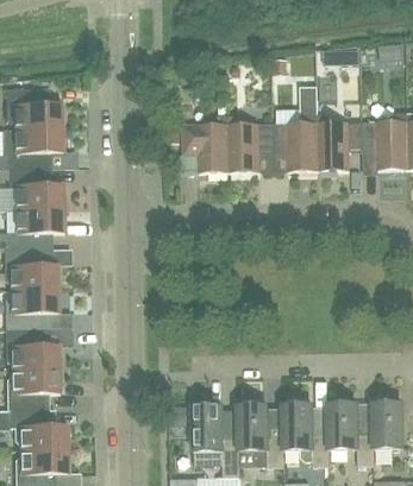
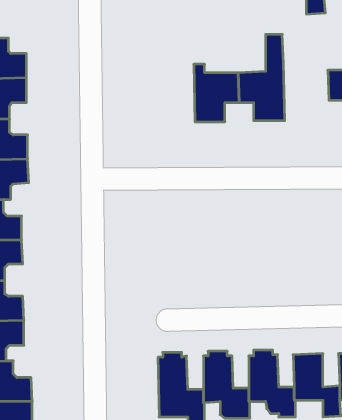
building: [318,113,363,170] -> none
building: [183,114,230,172] -> none

